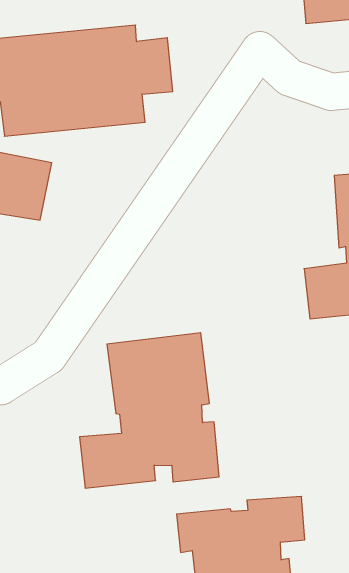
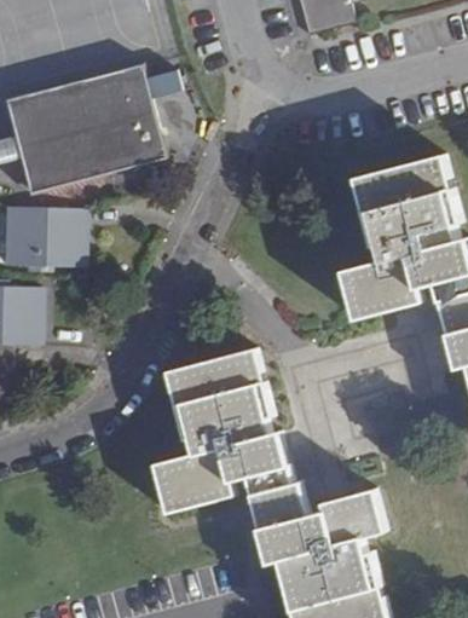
building: none -> [248,483,307,526]

